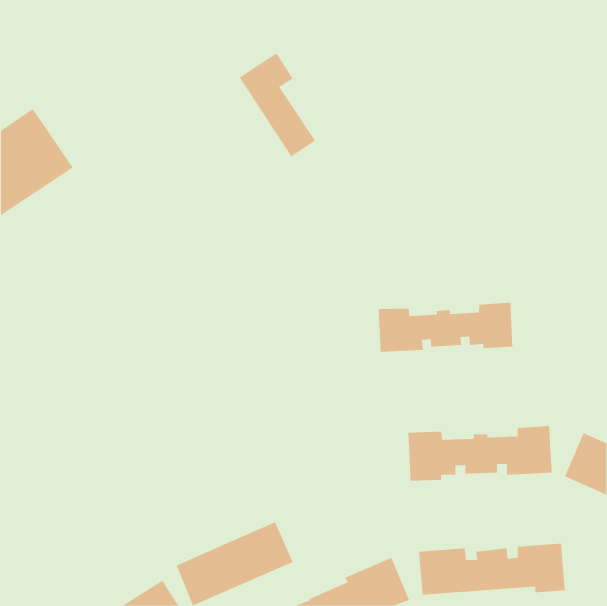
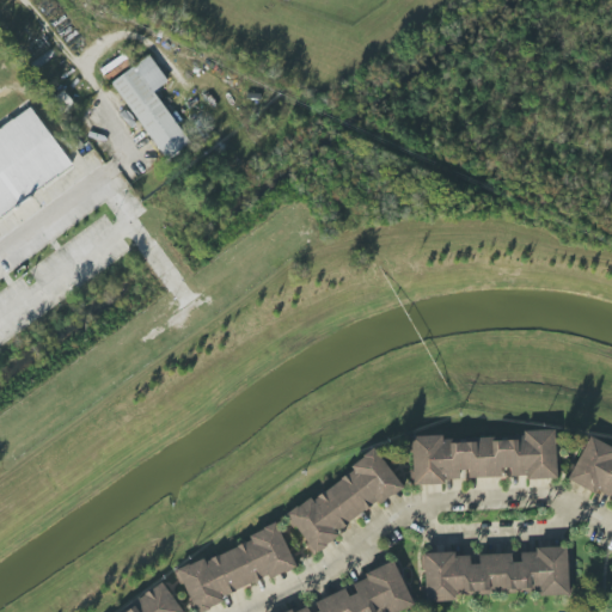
building: [239,52,316,157] -> [112,55,190,160]
building: [378,302,513,353] -> none
building: none -> [286,449,402,551]

